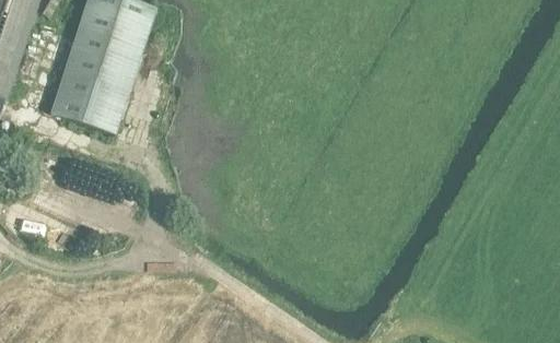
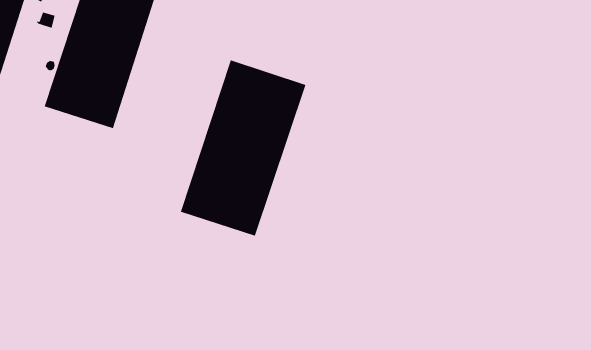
building: none -> [180,59,306,236]

